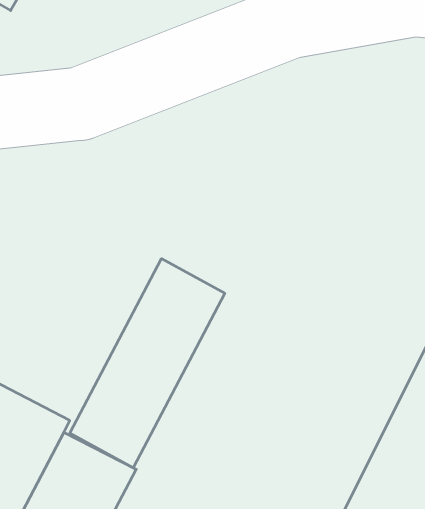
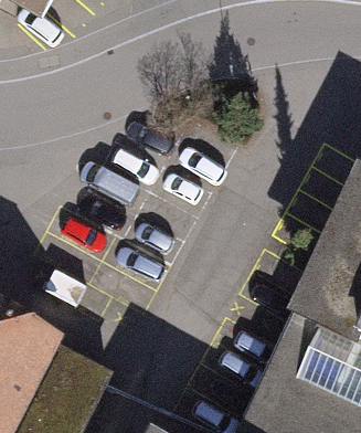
building: [70,259,225,468] -> none

